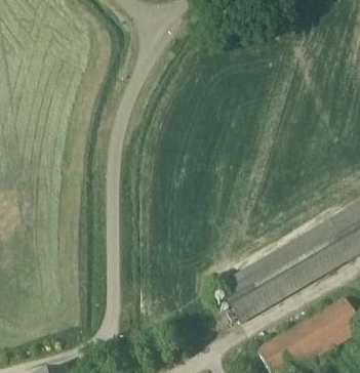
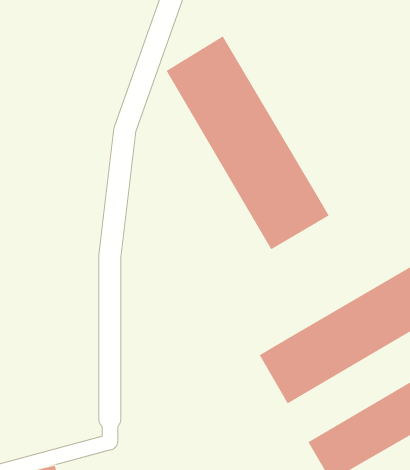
building: none -> [166,35,329,250]

